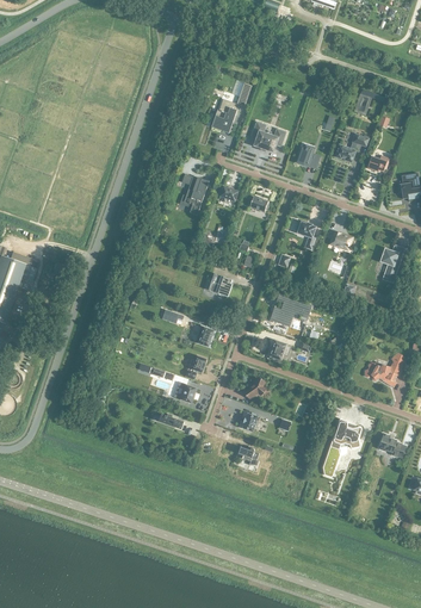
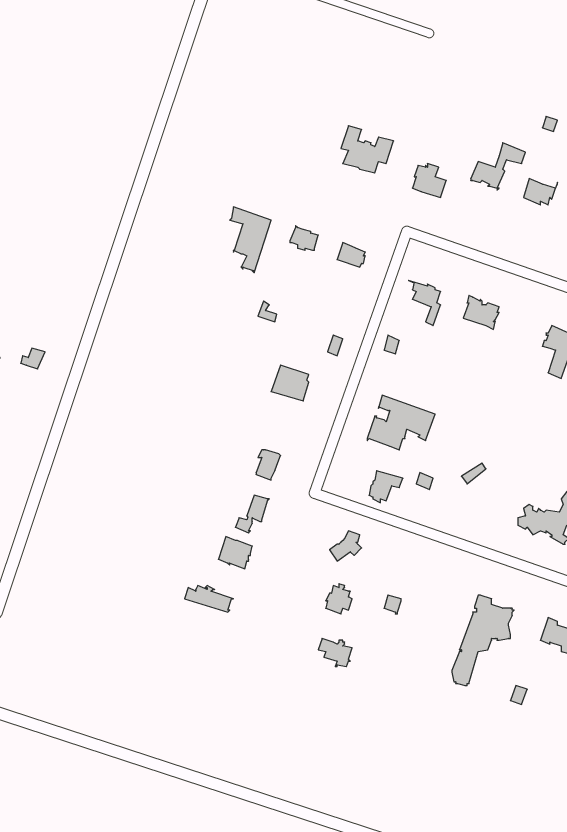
building: [211,82,252,131] -> none

